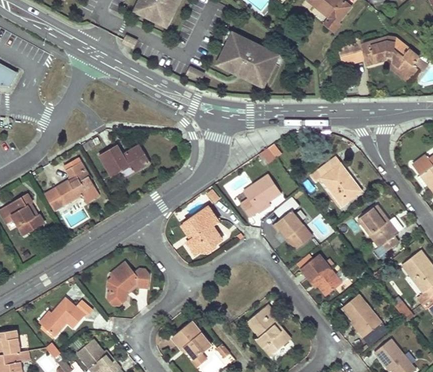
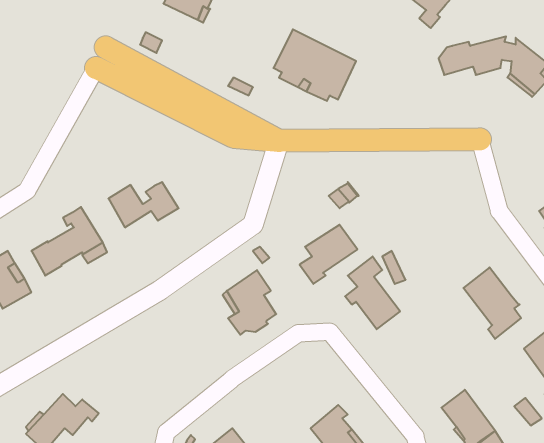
building: [311,157,362,209] -> none
building: [298,256,342,296] -> none
building: [106,261,149,303] -> none

